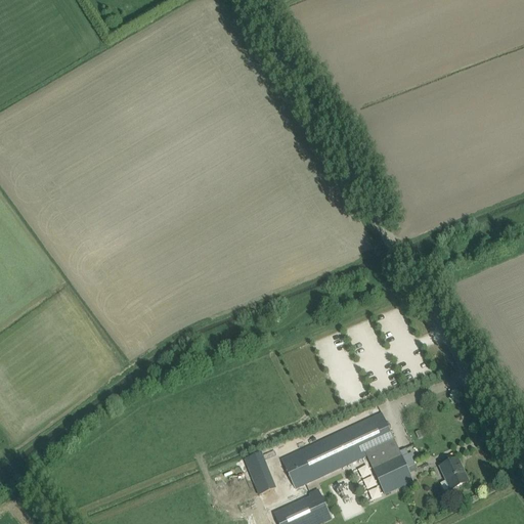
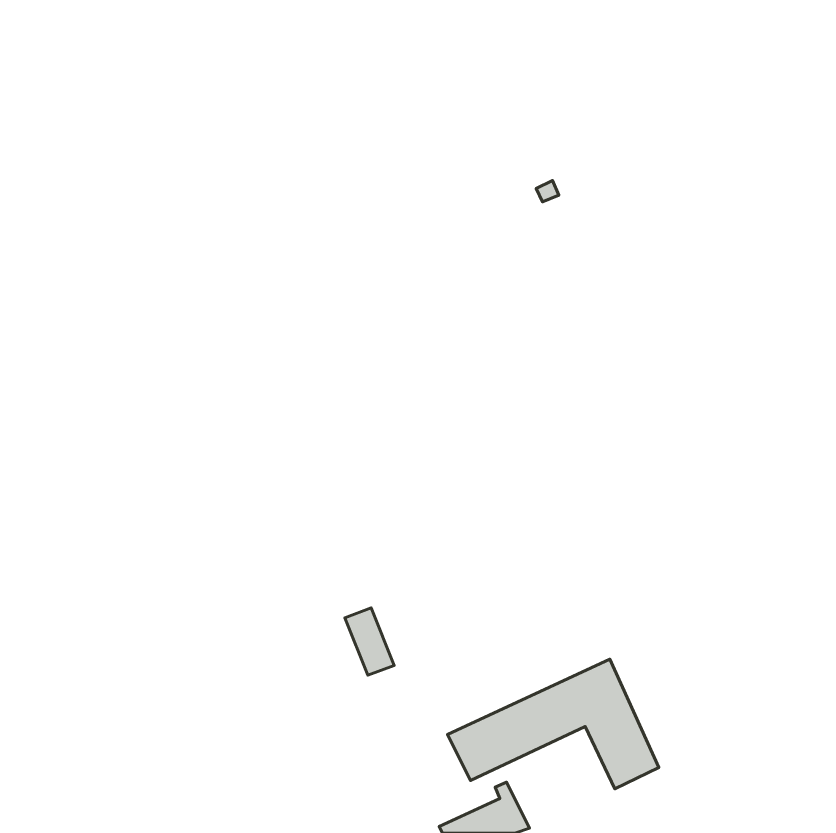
building: [244,451,274,493] -> [345,608,394,675]
building: [439,456,467,489] -> none

